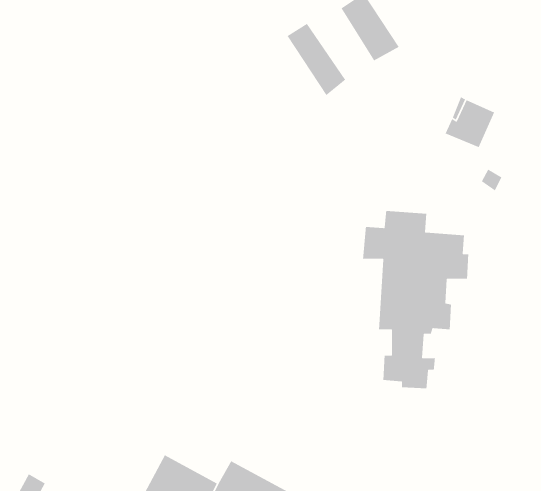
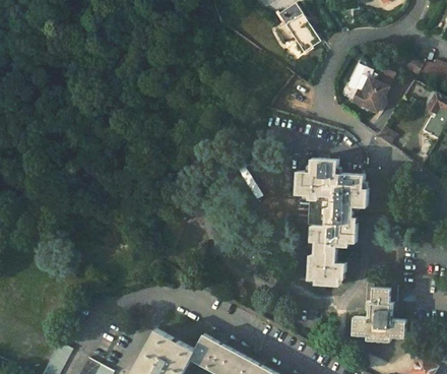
building: [286,23,346,96] -> none
building: none -> [354,286,405,344]

